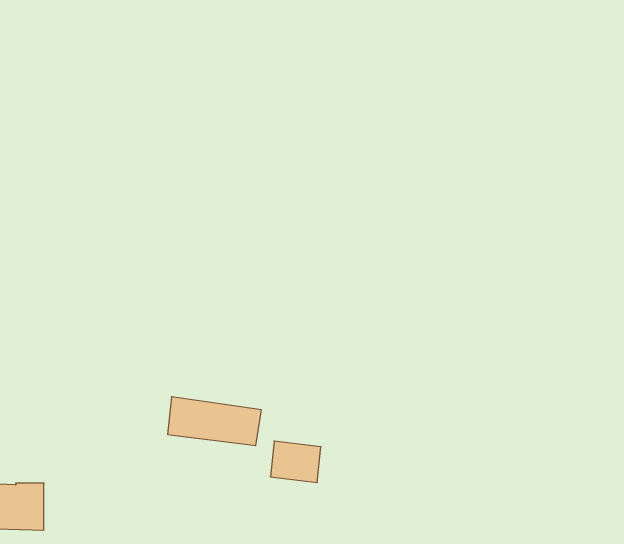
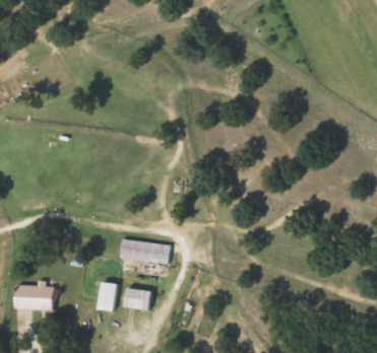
building: [270,441,321,482] -> [123,288,150,310]
building: none -> [97,282,117,312]

